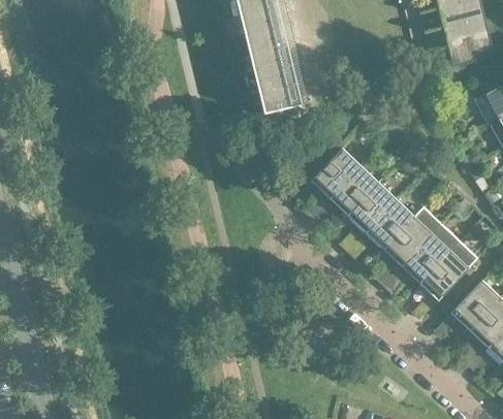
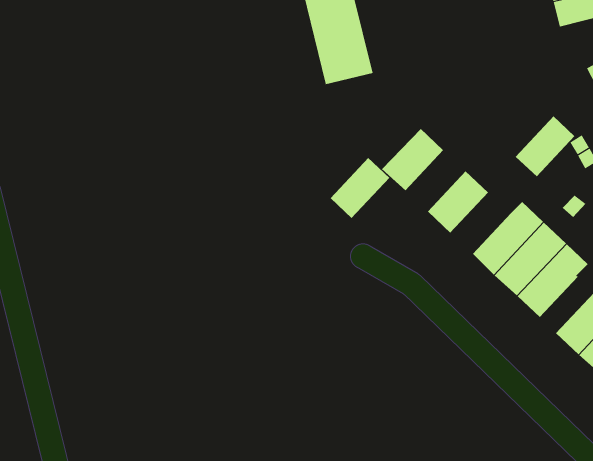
building: [329,165,378,215] -> [330,157,390,219]
building: [366,199,414,249] -> [515,116,575,177]

